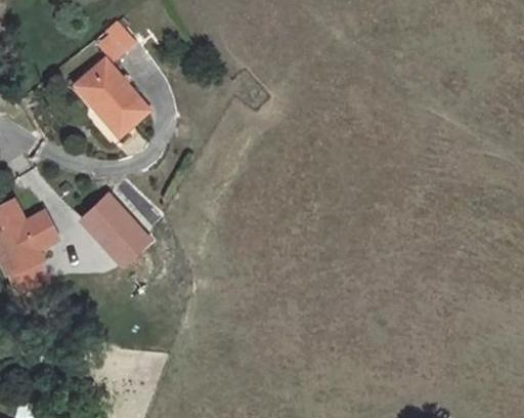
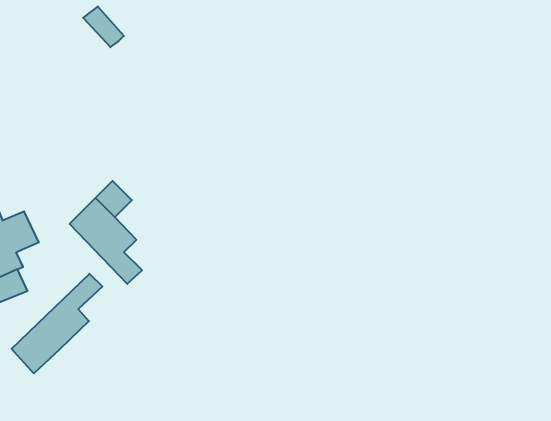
building: [68,62,141,140] -> none
building: none -> [12,274,102,373]

